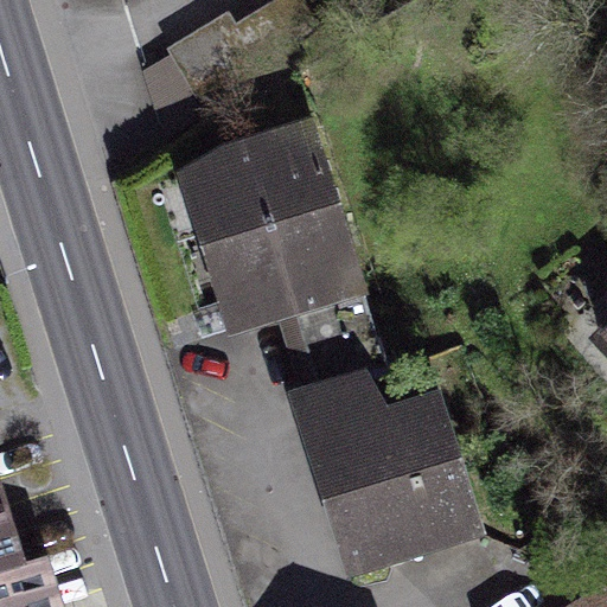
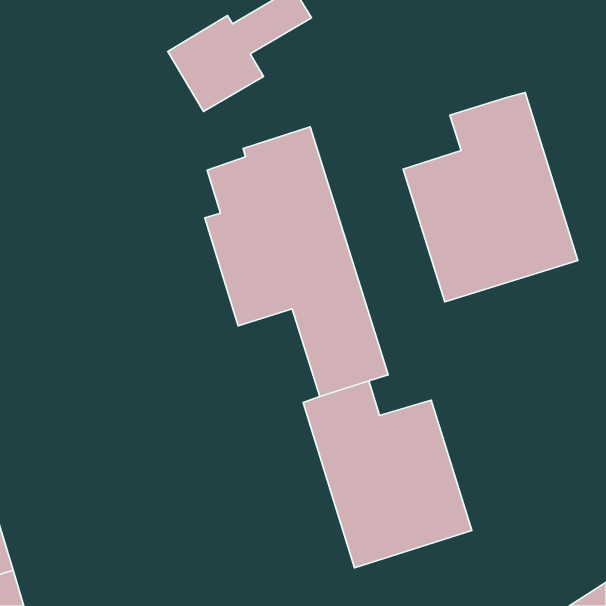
building: none -> [403,93,578,302]

